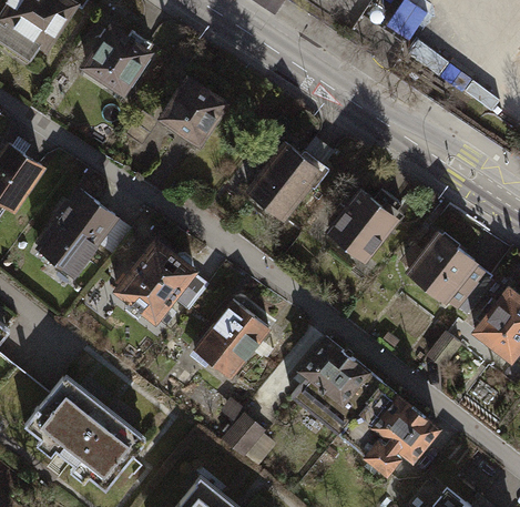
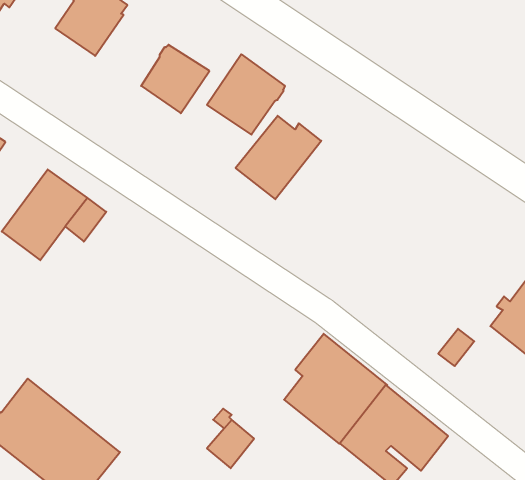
building: none -> [207,54,285,135]
building: [329,191,401,258] -> none
building: [408,234,485,301] -> none
building: [116,241,194,321] -> none
building: [194,301,268,378] -> none

